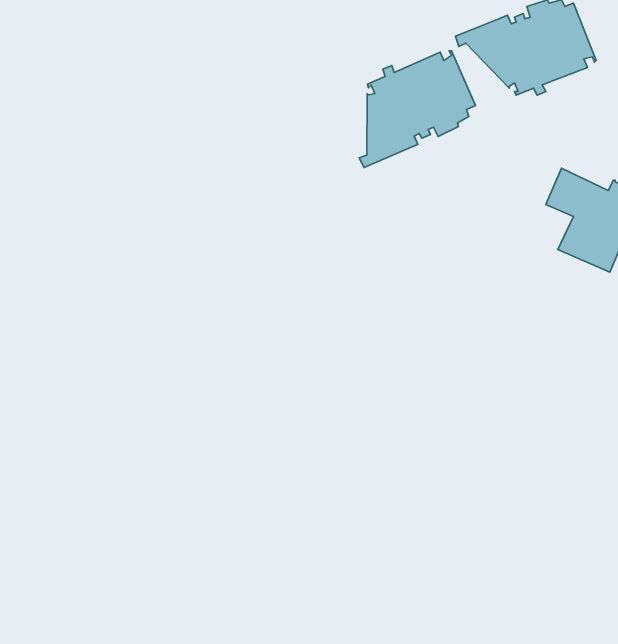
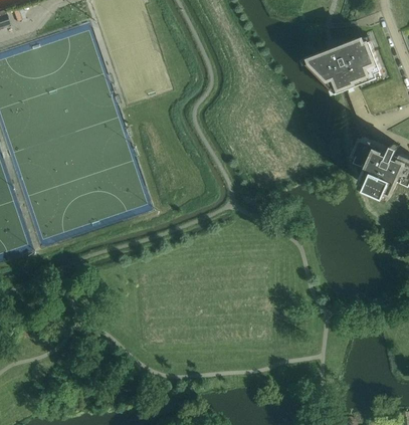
building: [359,51,476,167] -> none

